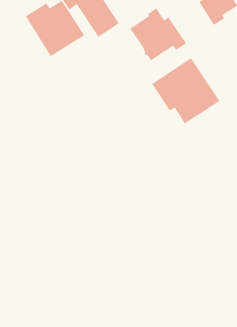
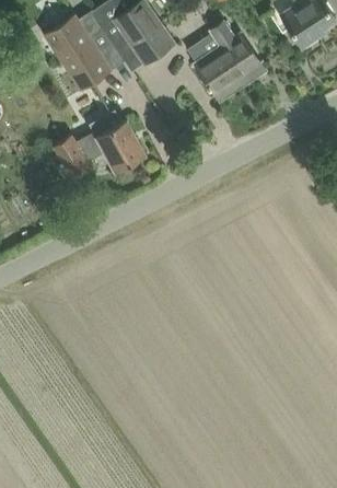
building: [151,57,221,124] -> none
building: none -> [53,121,144,179]

